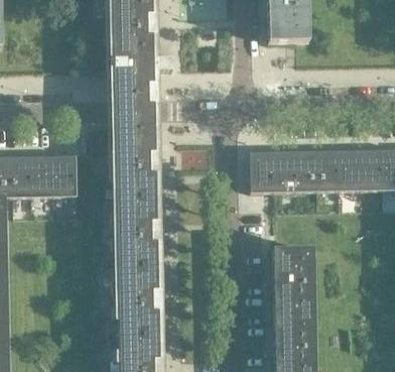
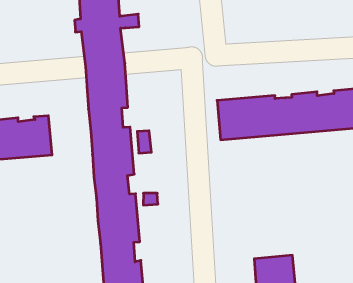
building: [272,248,313,316] -> none

